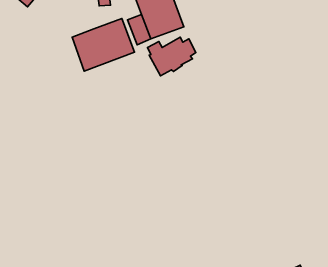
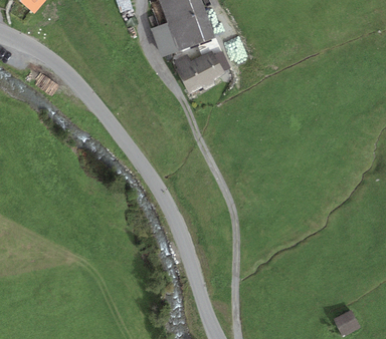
building: [72,19,135,71] -> none

